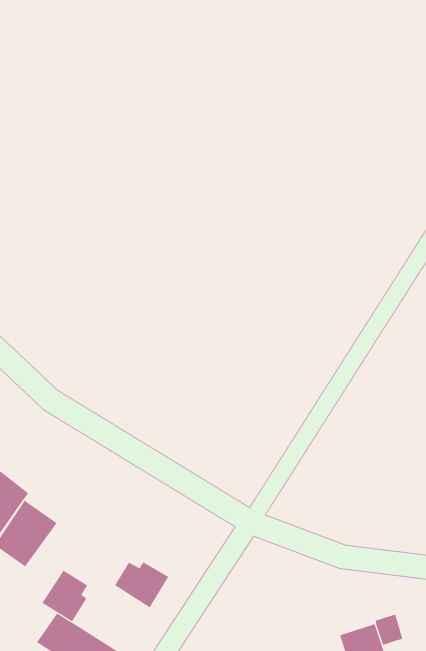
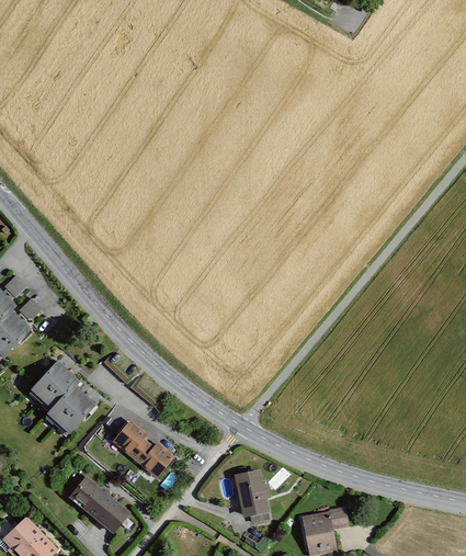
building: [41,570,88,622] -> [111,419,148,459]
building: none -> [234,468,270,517]

